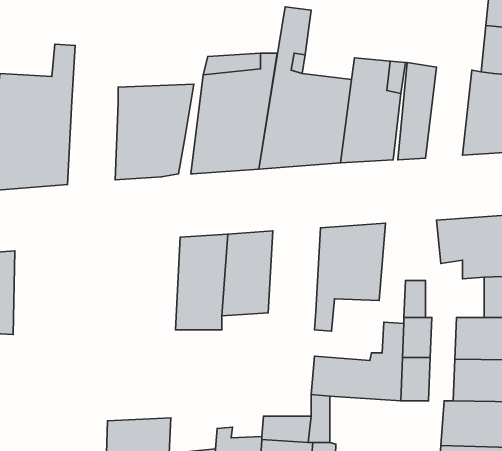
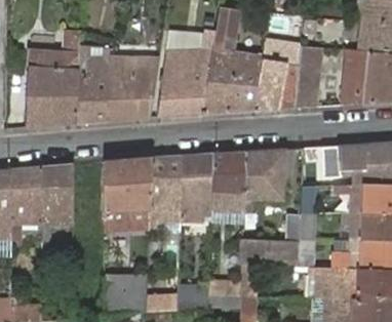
building: none -> [77,68,111,123]
building: none -> [210,152,245,208]
building: none -> [104,158,152,232]
building: none -> [41,164,73,240]

